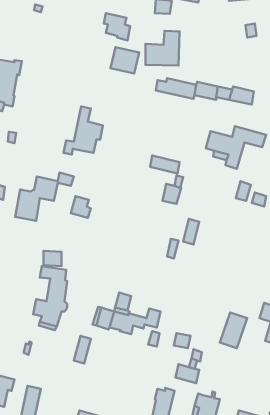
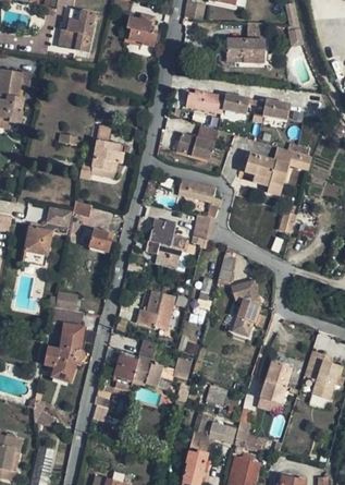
building: none -> [59,9,98,52]
building: [146,31,179,66] -> [226,23,266,63]
building: [111,47,139,73] -> none
building: none -> [180,124,218,159]
building: none -> [149,219,183,258]
building: none -> [232,280,263,335]
building: none -> [137,291,175,329]

